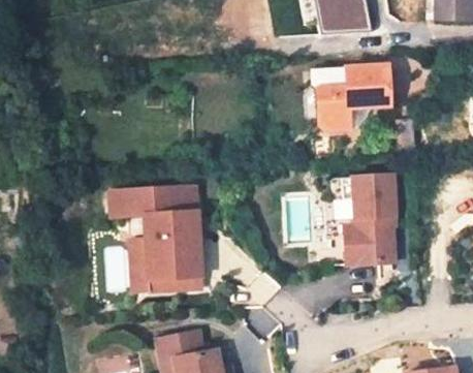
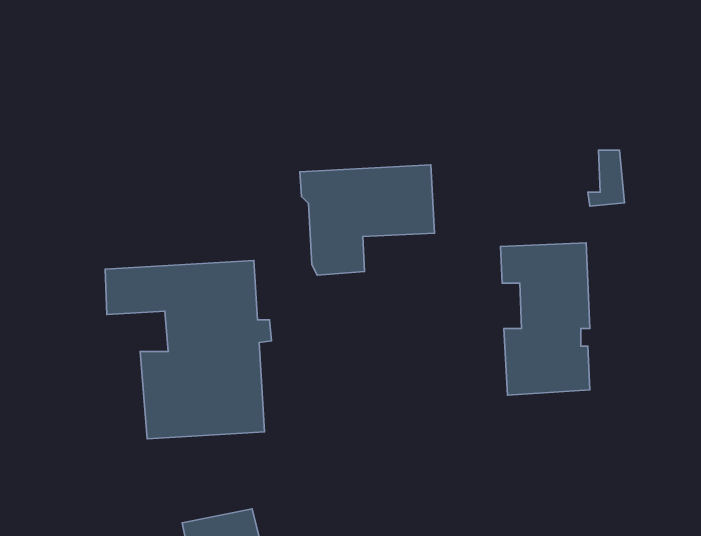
building: [311,65,390,130] -> [300,165,434,275]

